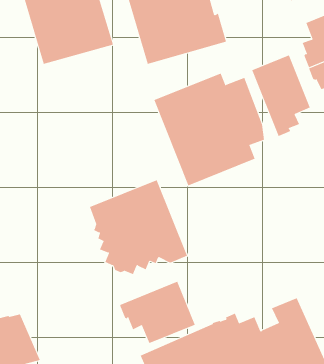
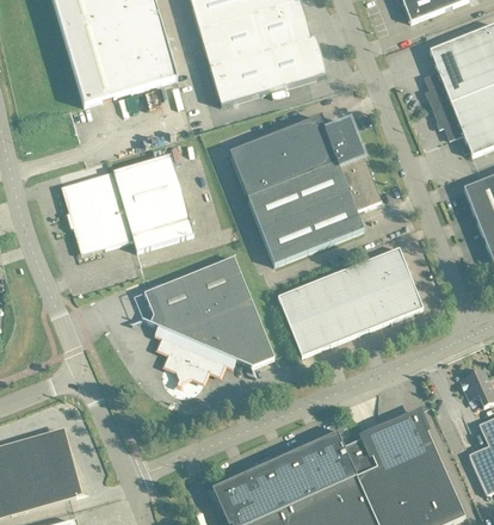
building: [251,55,310,137] -> none
building: none -> [63,153,194,252]
building: none -> [278,246,422,354]
building: [119,281,195,344] -> none

